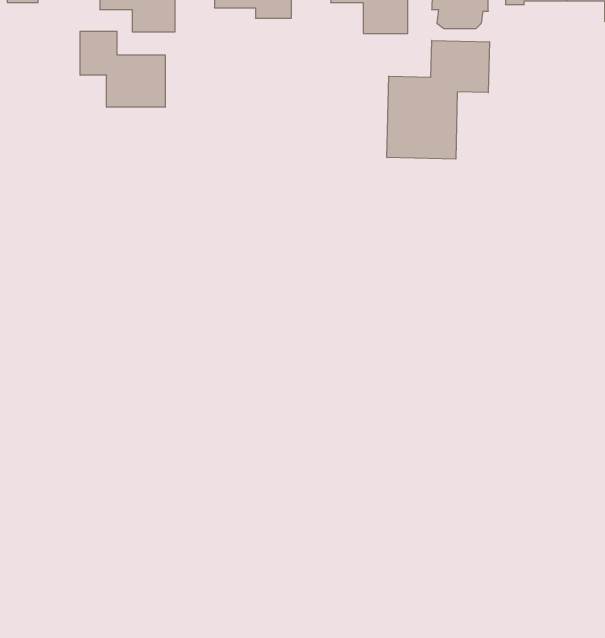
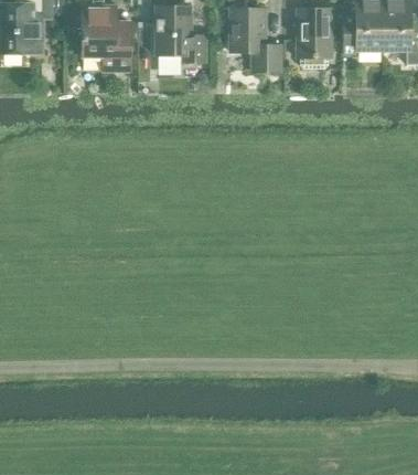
building: [80,31,165,107] -> none
building: [387,40,489,159] -> none

